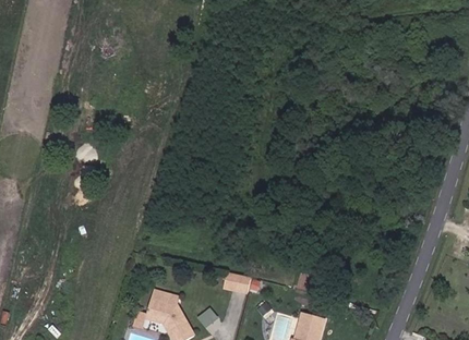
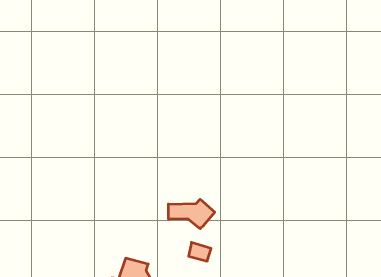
building: none -> [168,199,215,229]

